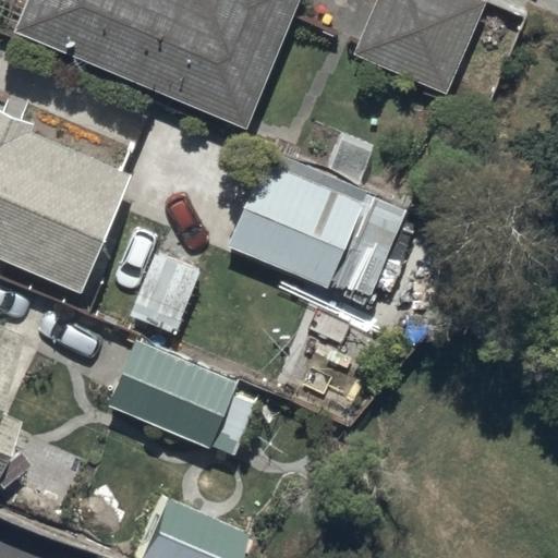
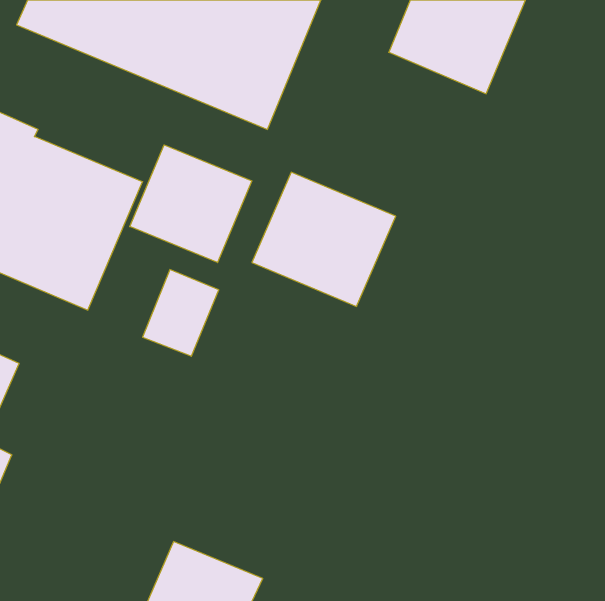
building: none -> [130,145,252,263]
building: [111,342,256,456] -> none

